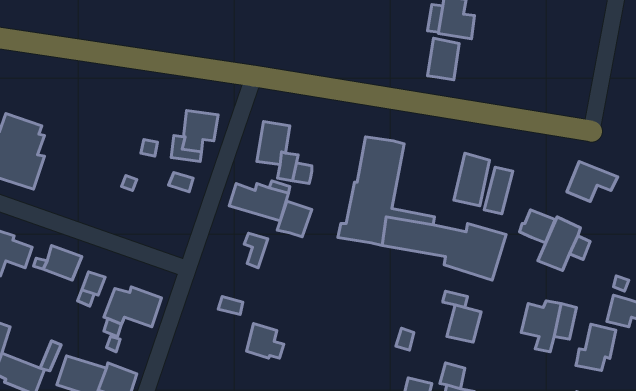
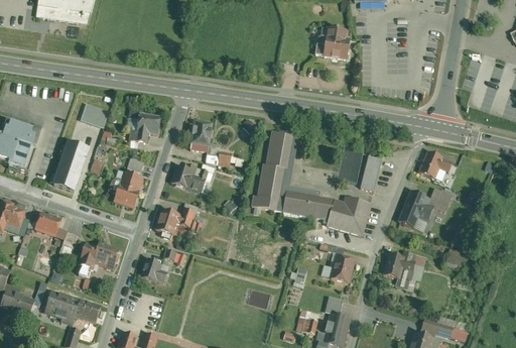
building: [428,38,459,80] -> none
building: none -> [81,104,108,127]
building: none -> [51,141,88,191]
building: none -> [114,169,144,208]
building: [277,201,312,237] -> [154,208,179,234]
building: [519,210,555,243] -> [425,188,452,212]
building: [247,324,284,358] -> [140,257,167,282]
building: [576,324,616,370] -> none

